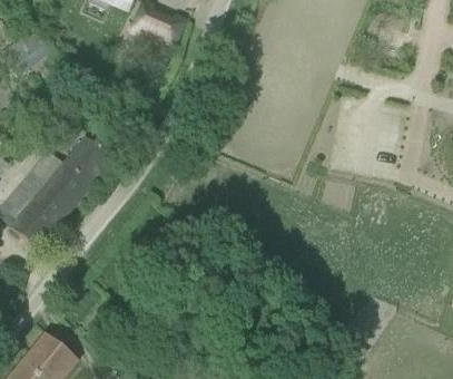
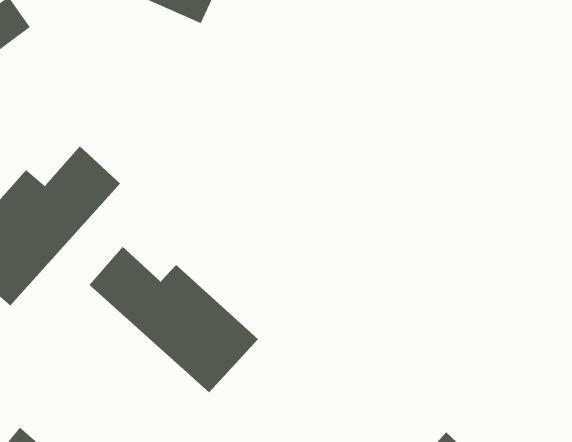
building: none -> [88,246,259,393]

